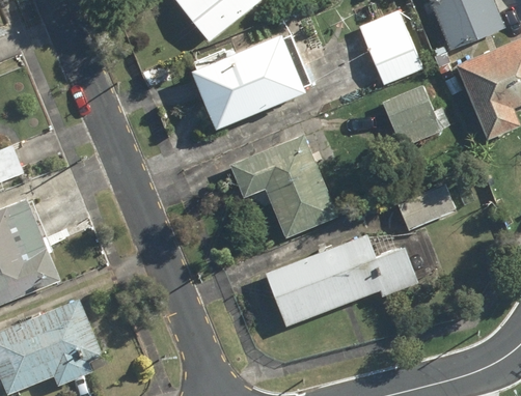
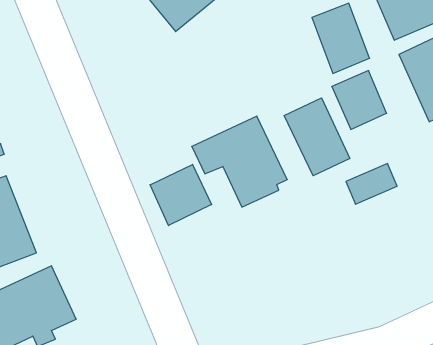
building: [192,33,304,129] -> none
building: none -> [284,98,350,176]
building: none -> [150,164,212,226]
building: [267,235,415,324] -> none

